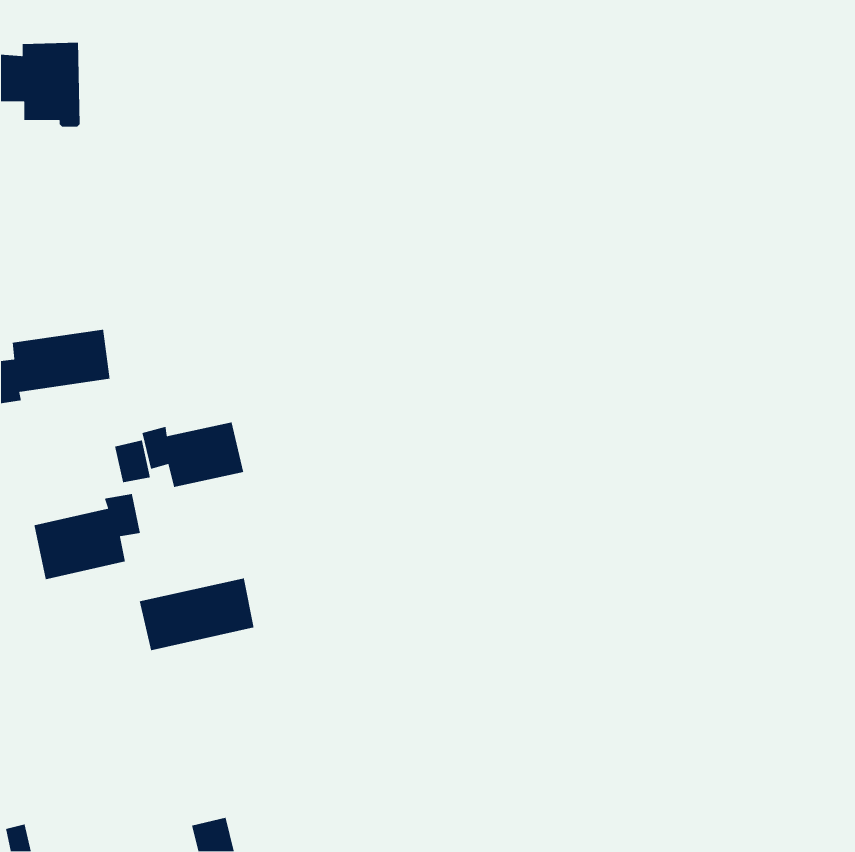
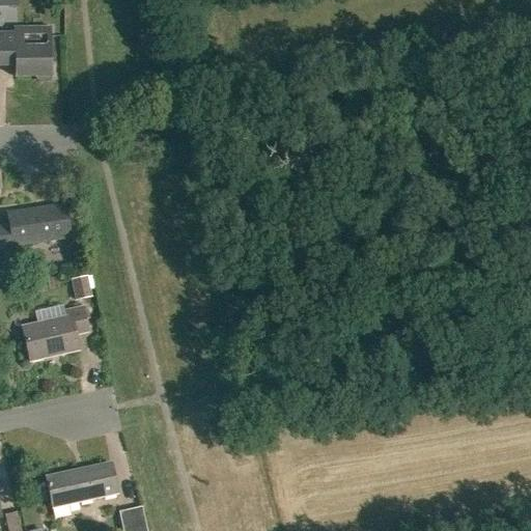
building: [142,421,244,488] -> none
building: [139,578,254,651] -> [46,460,117,506]

